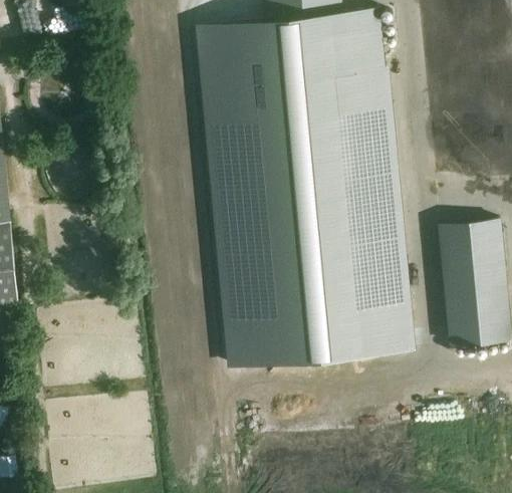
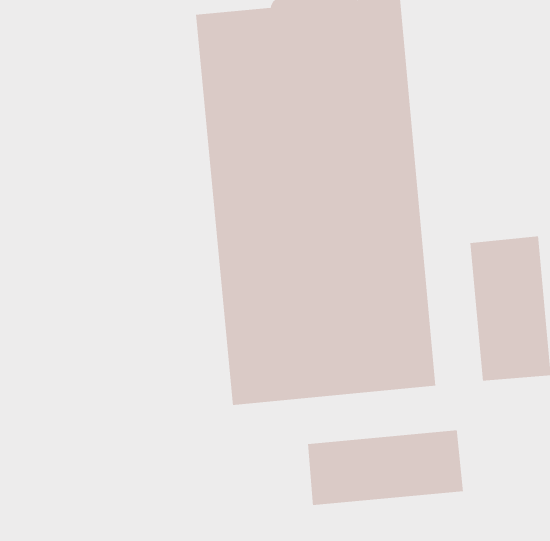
building: none -> [307,430,464,506]

